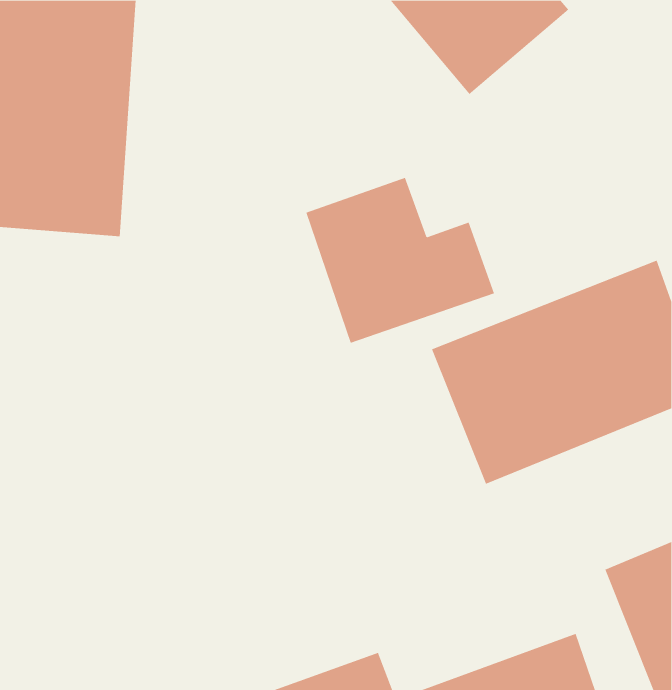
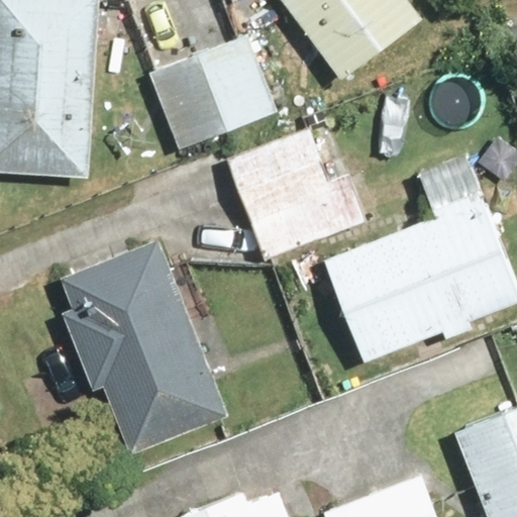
building: none -> [144,41,270,148]
building: none -> [62,236,225,448]

